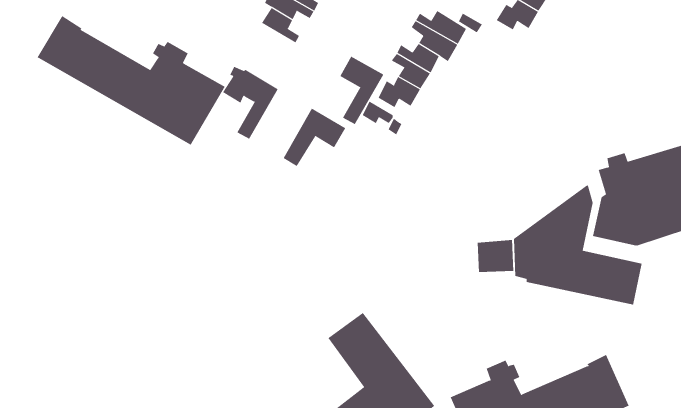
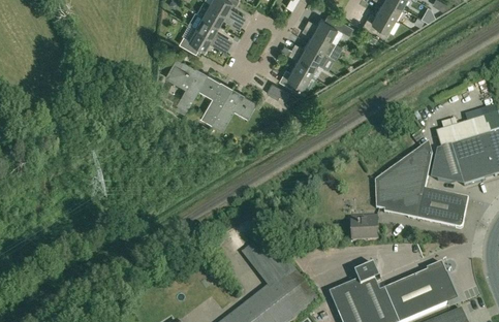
building: [37,15,225,145] -> none
building: none -> [179,24,219,50]
building: [339,56,384,125] -> [198,71,230,121]
building: [477,240,514,273] -> [351,214,378,237]

